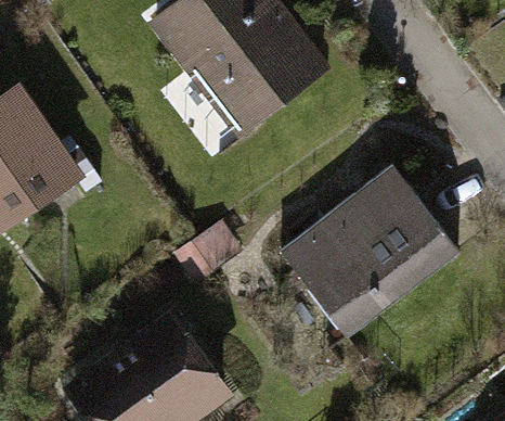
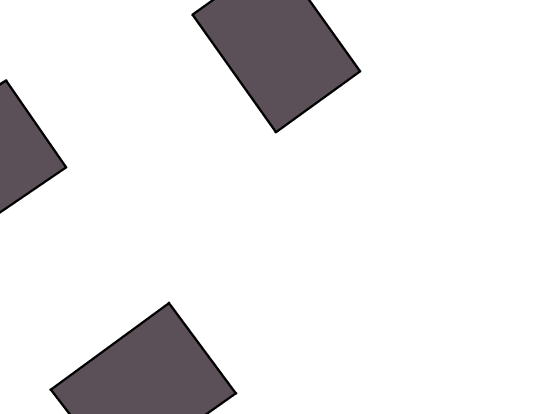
building: [288,168,453,329] -> none

